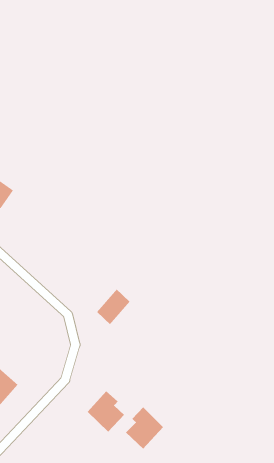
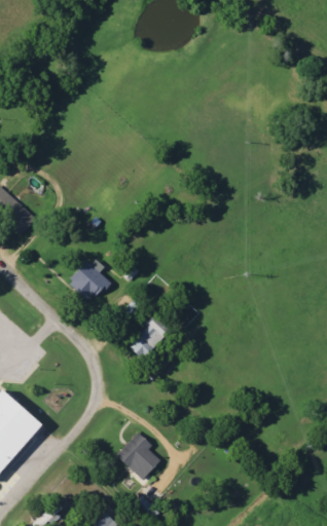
building: none -> [67,258,112,300]
building: [125,407,164,449] -> none

